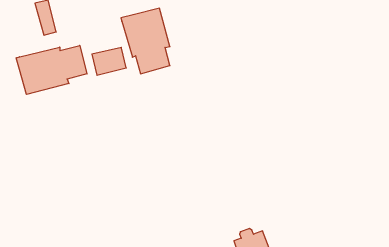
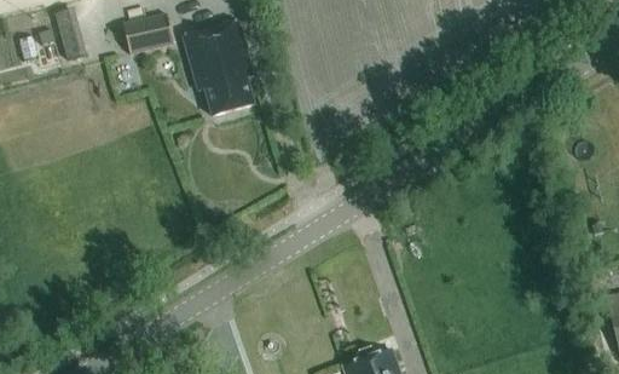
building: [16,45,87,94] -> none
building: [92,47,126,75] -> [122,12,173,53]

